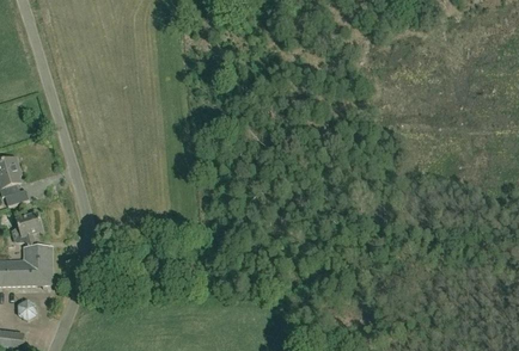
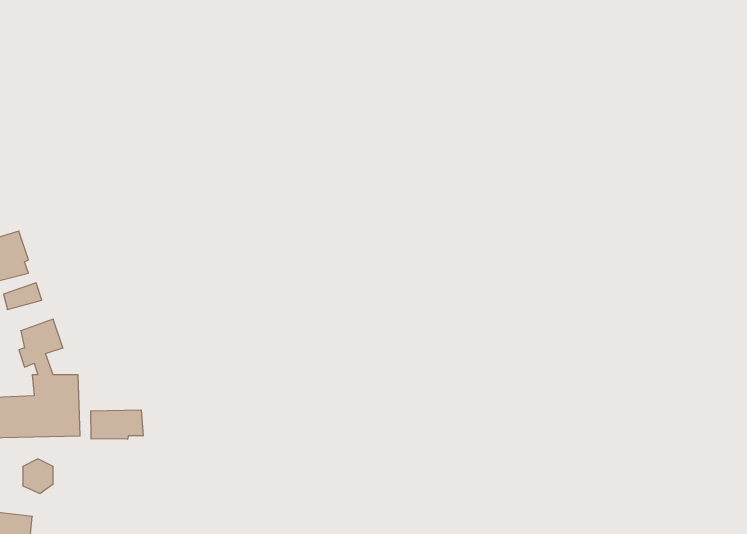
building: none -> [91,410,143,439]

